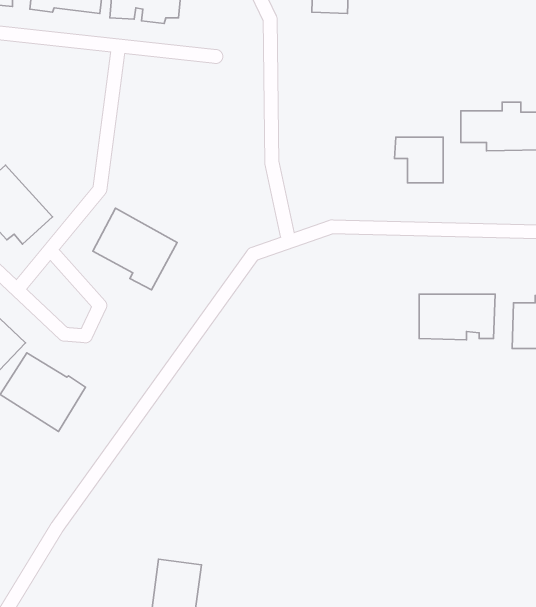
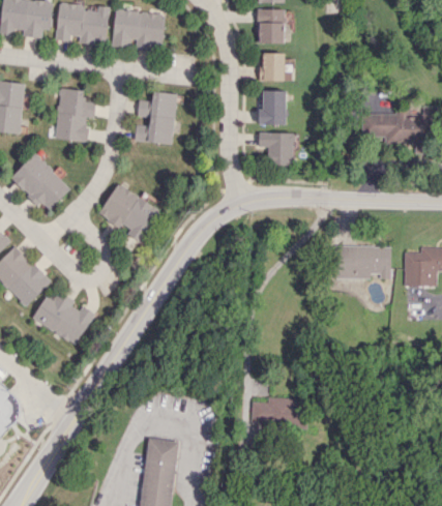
building: none -> [259,53,284,81]
building: none -> [54,88,95,142]
building: none -> [258,90,286,125]
building: none -> [135,91,177,144]
building: [394,137,443,183] -> [258,132,293,166]
building: none -> [251,397,306,427]

